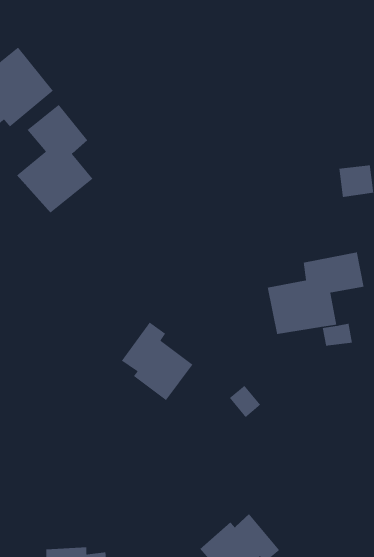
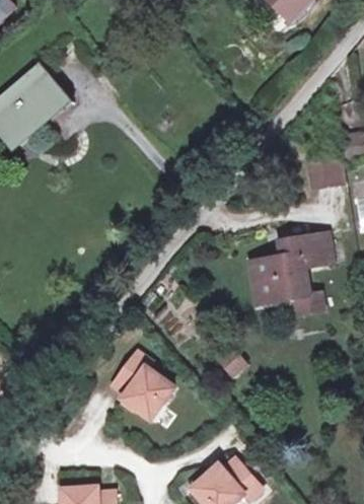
building: [16,104,94,213] -> none
building: [121,322,194,401] -> [115,349,176,417]

